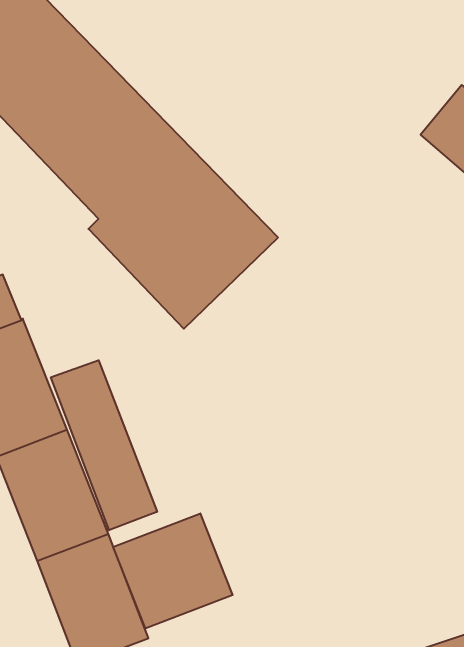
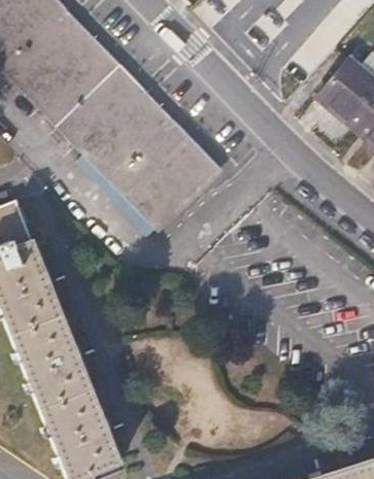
building: [51,360,157,530] -> none
building: [113,513,233,628] -> none

